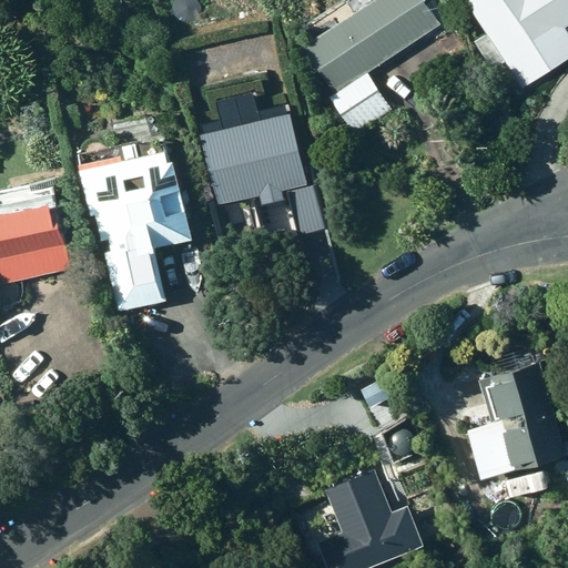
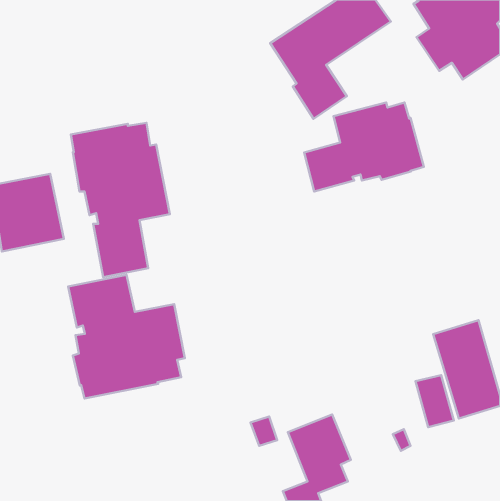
building: [200,102,302,235] -> none
building: none -> [304,103,424,192]
building: none -> [68,275,185,399]

